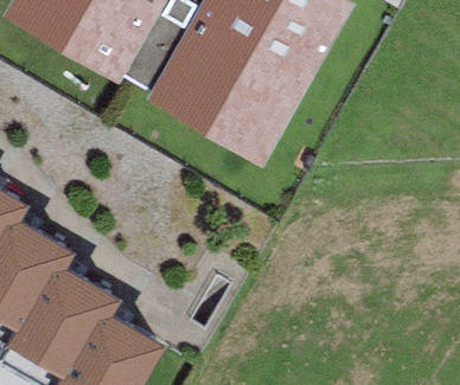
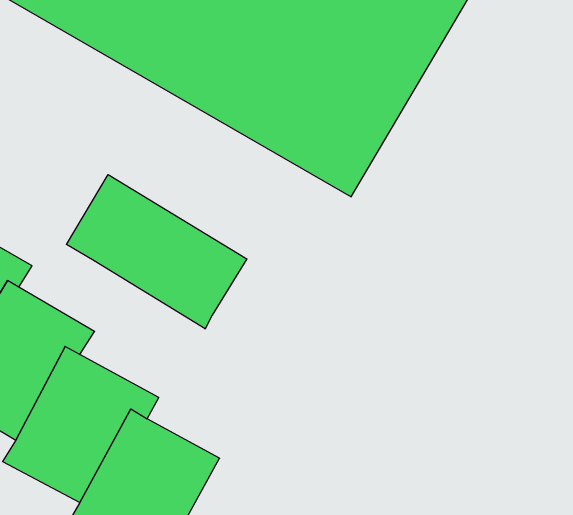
building: none -> [66,175,247,329]

